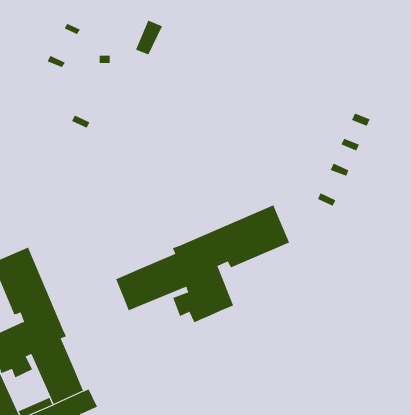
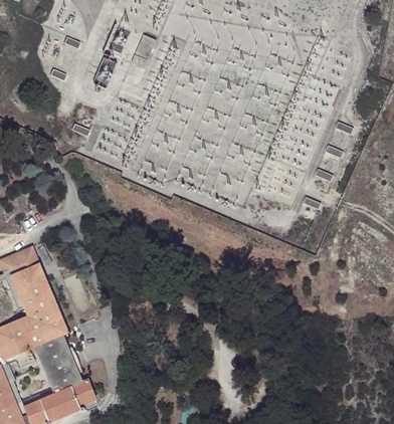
building: [115,205,290,323] -> none

